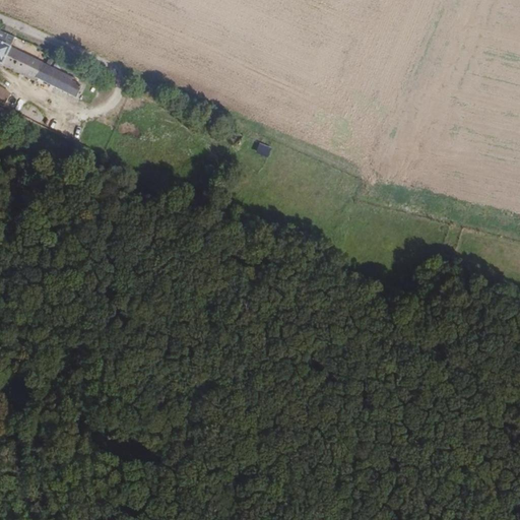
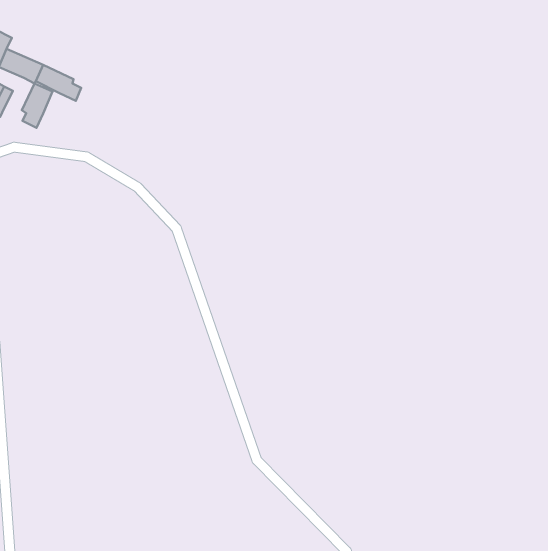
building: none -> [22,83,52,128]

